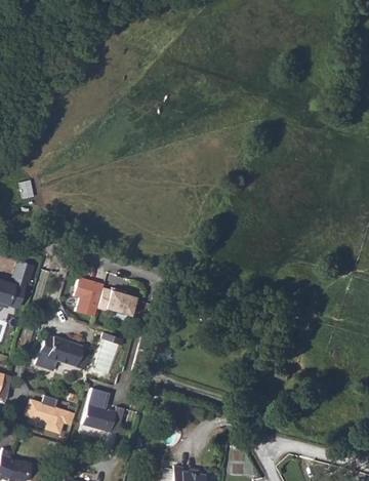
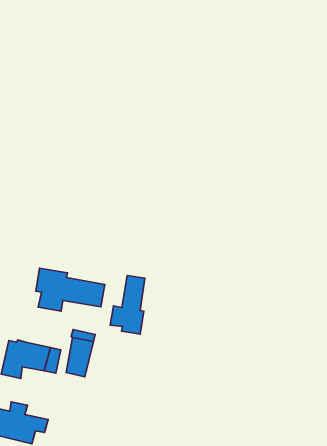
building: none -> [110,276,145,334]
building: [84,391,126,435] -> none

